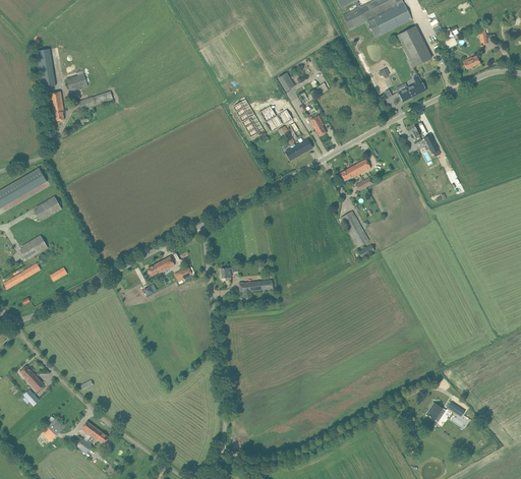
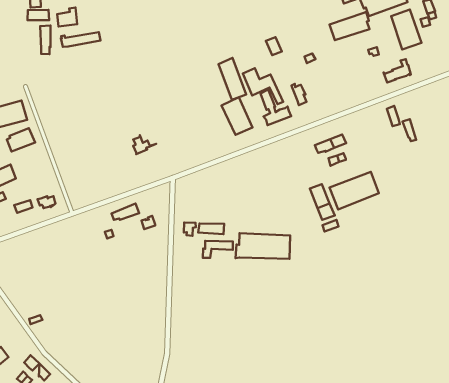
building: none -> [330,12,370,40]
building: none -> [221,97,252,135]
building: none -> [329,172,379,210]
building: none -> [236,233,290,259]

